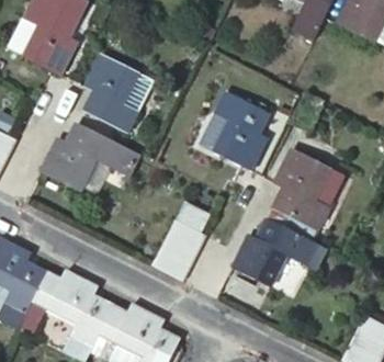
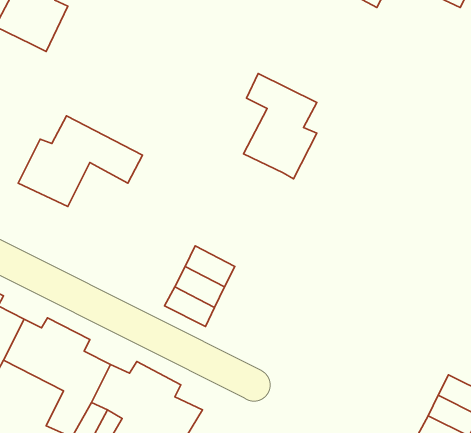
building: [84,53,139,132] -> none
building: [273,147,329,228] -> none
building: [231,219,325,287] -> none

